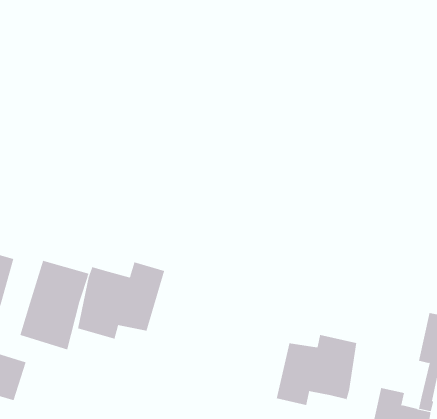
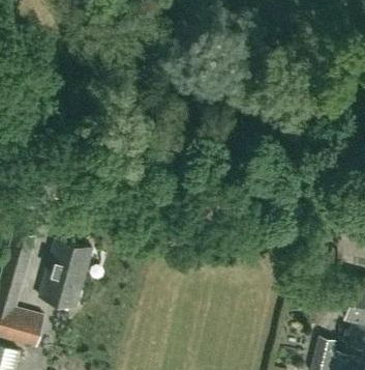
building: [77,261,165,340] -> none
building: [276,334,357,406] -> none

